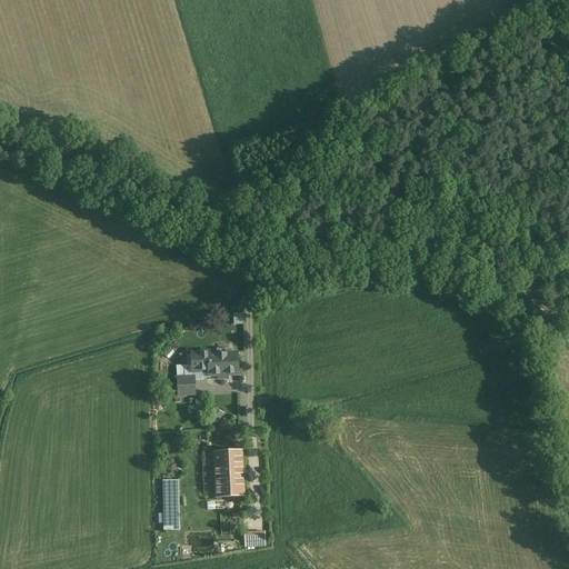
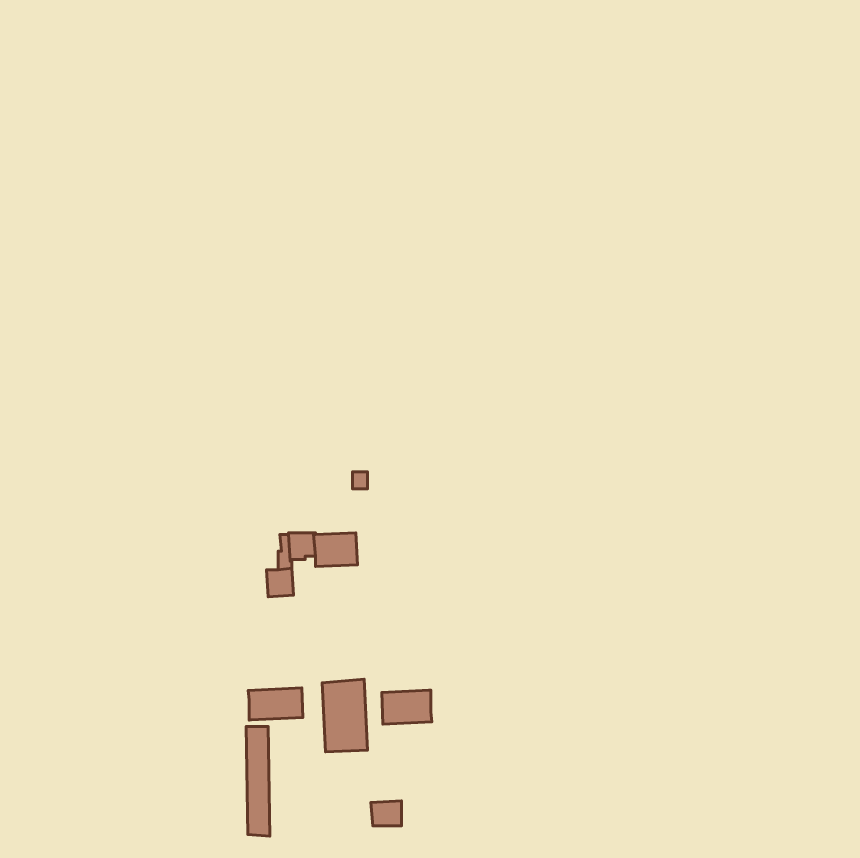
building: none -> [248,688,303,720]
building: none -> [382,690,432,724]

